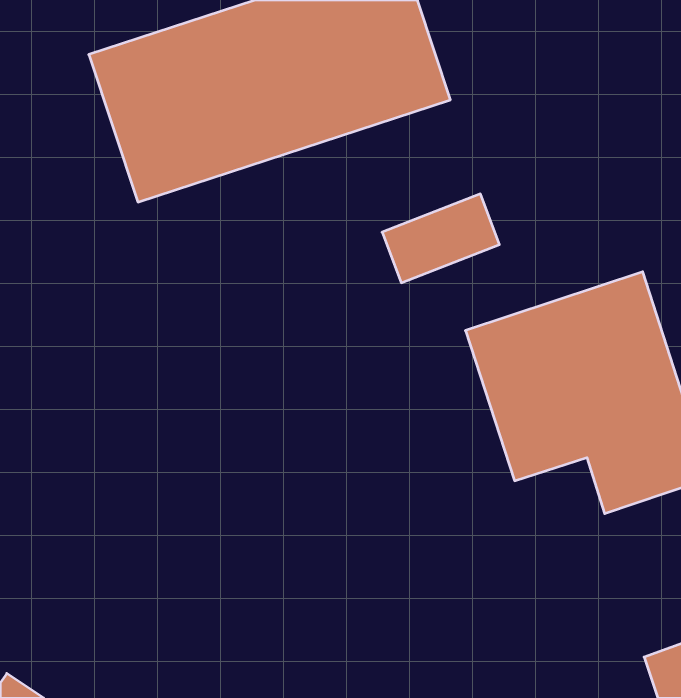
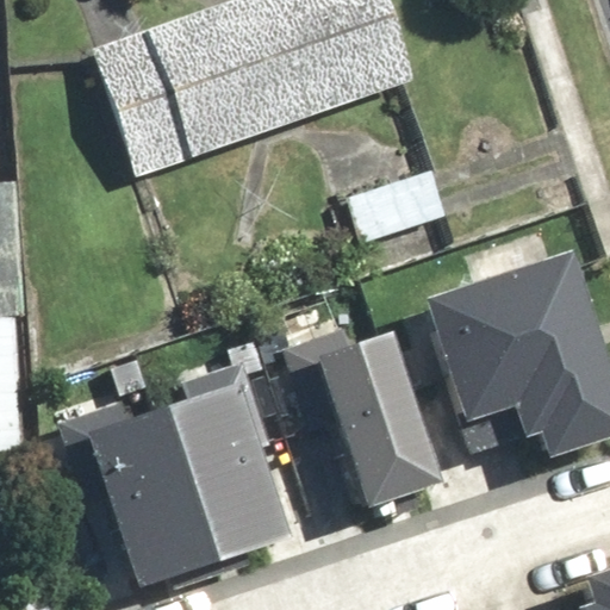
building: none -> [316,323,442,508]
building: none -> [85,375,294,584]

